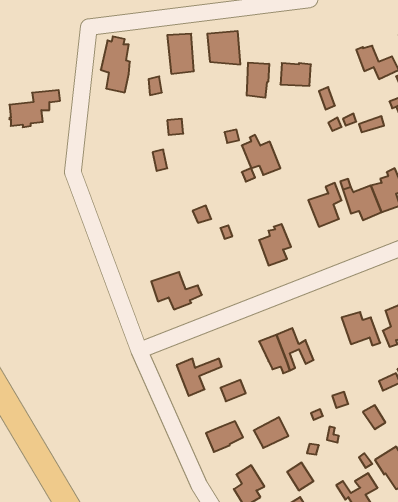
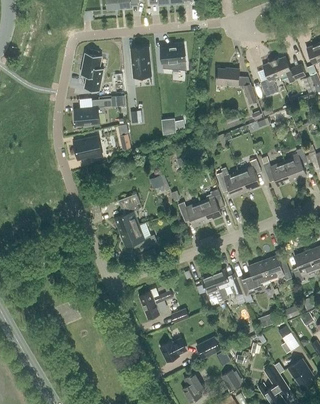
building: none -> [260,59,279,96]
building: [247,63,269,98] -> none
building: [9,90,60,127] -> [75,98,113,126]
building: [242,135,280,175] -> [216,167,245,197]
building: none -> [74,136,103,159]
building: none -> [113,193,140,233]
building: none -> [178,202,207,227]
building: none -> [240,260,269,295]

